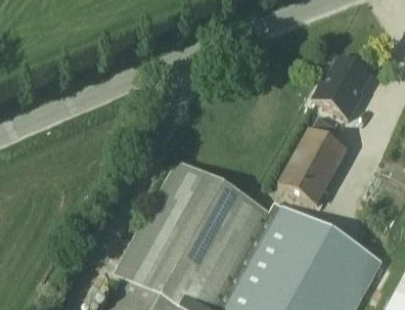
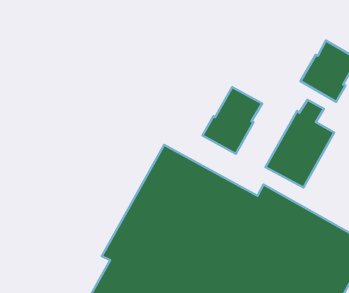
building: none -> [203,87,262,154]

